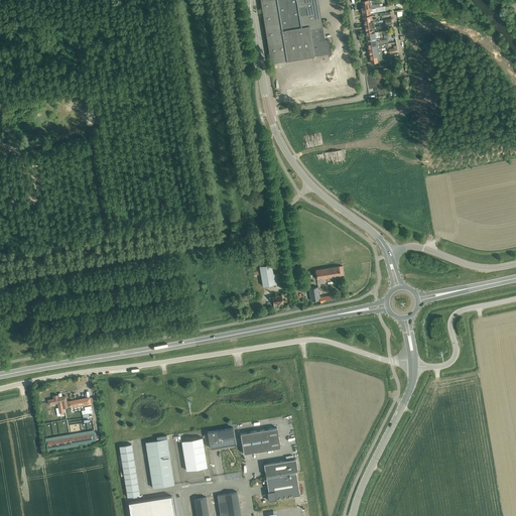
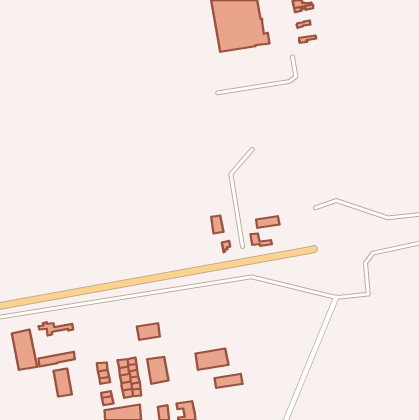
building: none -> [12,330,37,370]
building: [207,427,235,447] -> [137,323,160,340]
building: none -> [54,368,72,396]
building: [265,473,299,501] -> none

